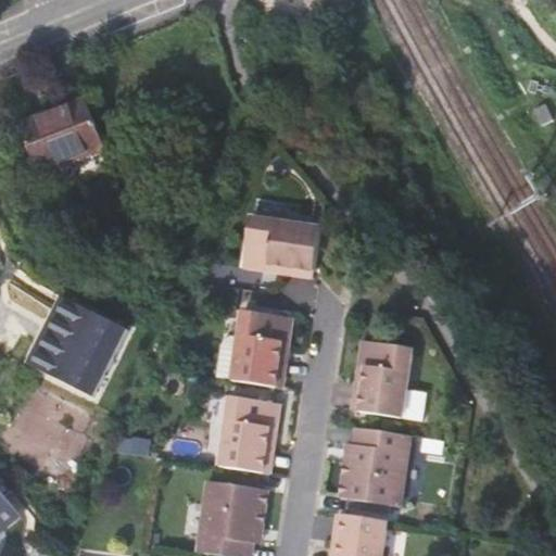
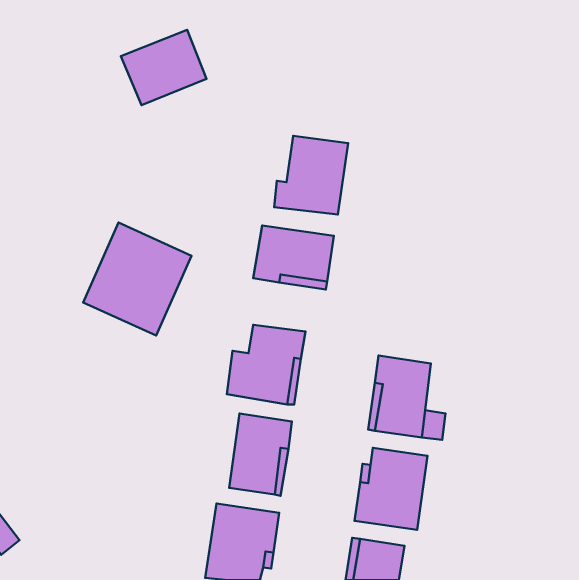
building: [27,99,109,170] -> [121,30,206,105]
building: none -> [274,136,348,215]
building: [29,290,132,397] -> [83,223,192,335]

